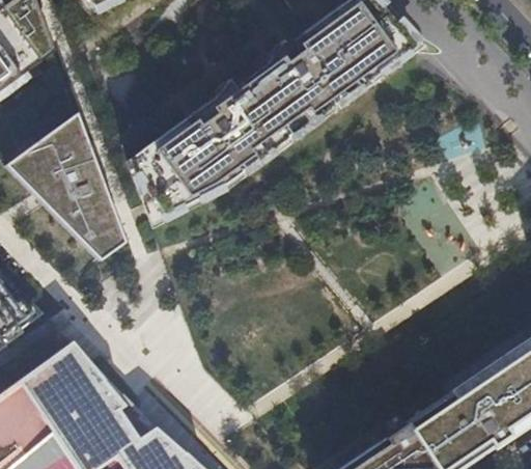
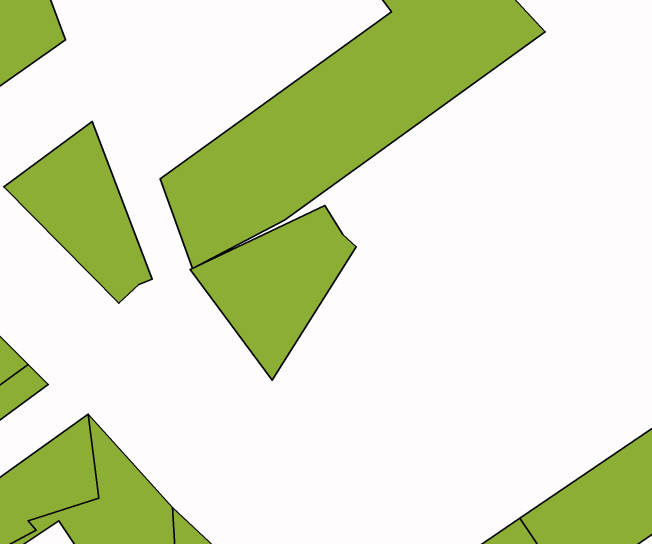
building: none -> [190,206,356,380]

